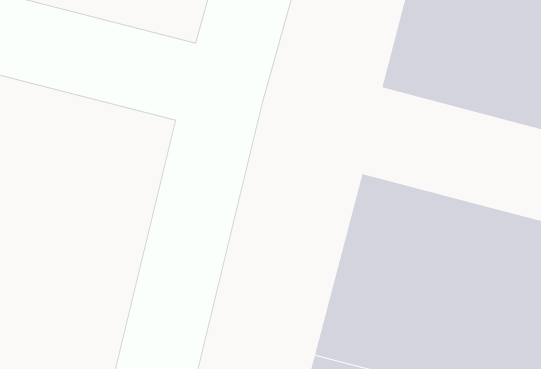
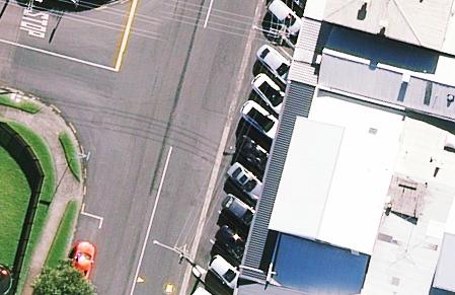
building: none -> [290,72,420,167]

